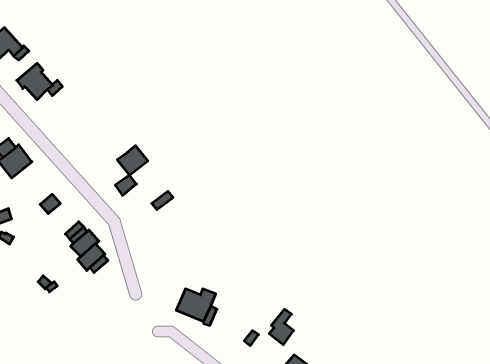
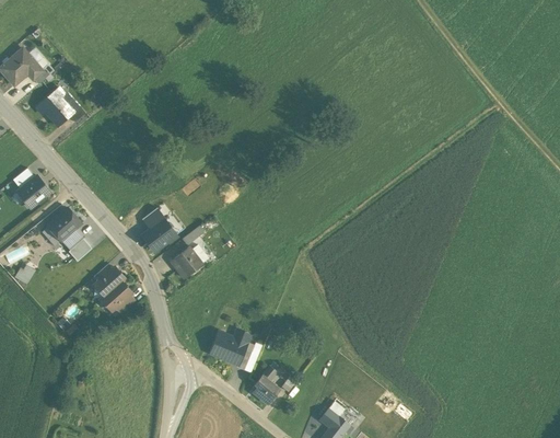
building: [117,146,148,175] -> [142,220,175,252]
building: none -> [49,208,81,241]
building: none -> [174,246,202,278]
building: [269,309,294,345] -> [253,366,279,404]

